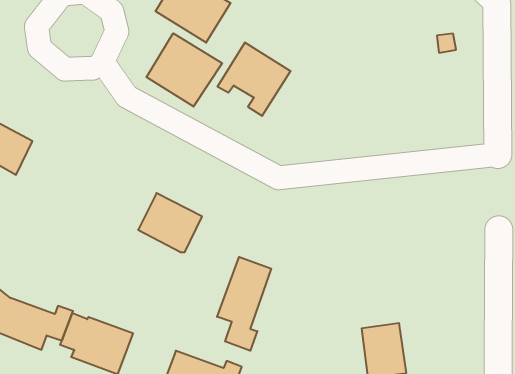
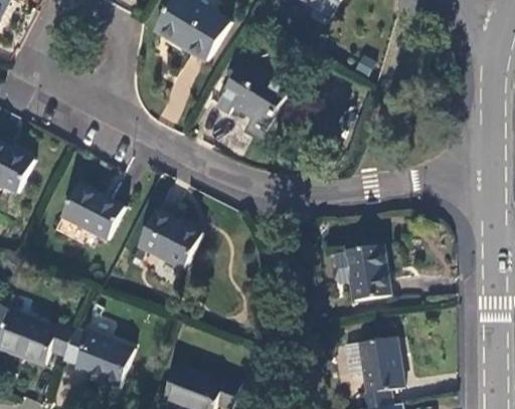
building: [147,33,222,107] -> none
building: none -> [60,184,122,239]
building: none -> [331,244,389,301]
building: [217,257,271,351] -> none

